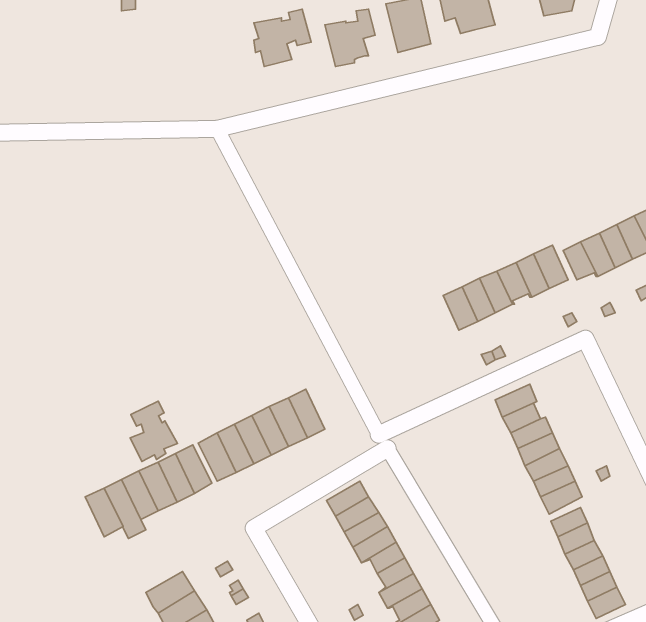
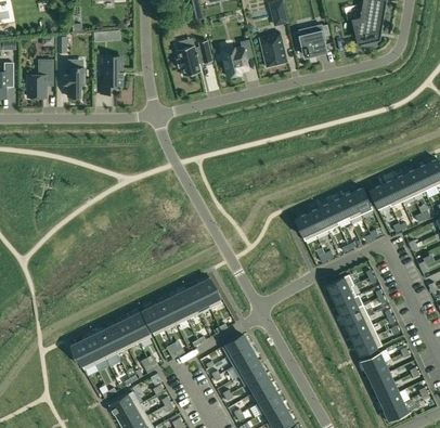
building: none -> [101,57,122,94]
building: none -> [28,60,53,96]
building: none -> [64,60,83,96]
building: [130,401,177,461] -> none

